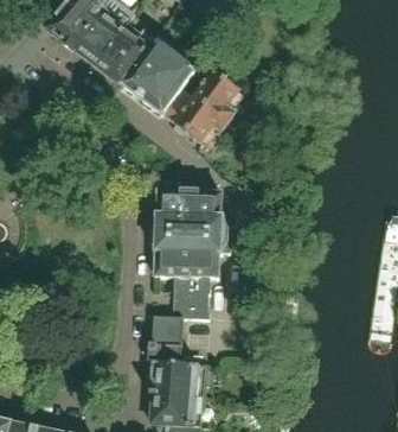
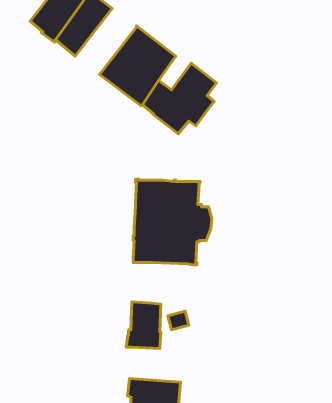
building: [95,17,158,84] -> none
building: [173,277,210,320] -> none
building: [150,363,205,399] -> none

